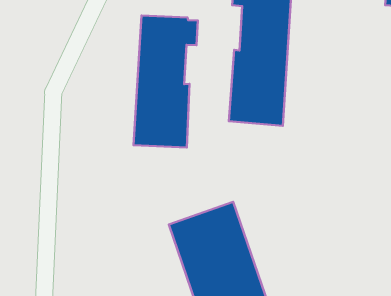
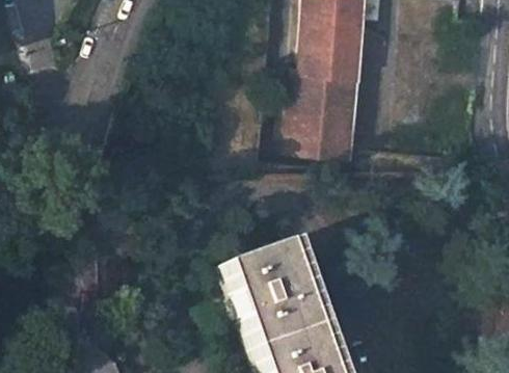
building: [133,15,198,147] -> none

